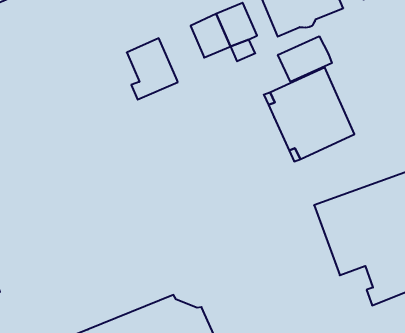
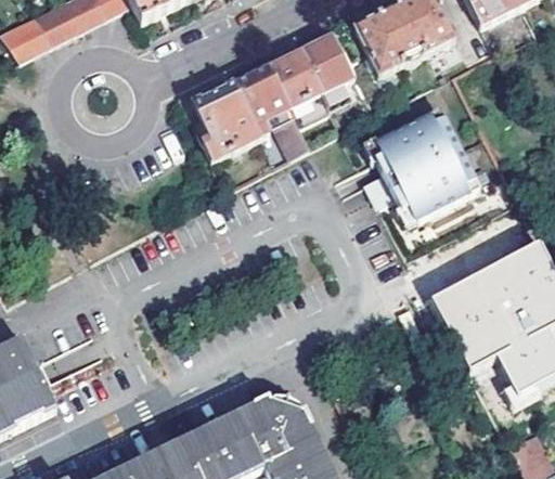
building: none -> [233,68,309,155]
building: [278,36,332,82] -> none

